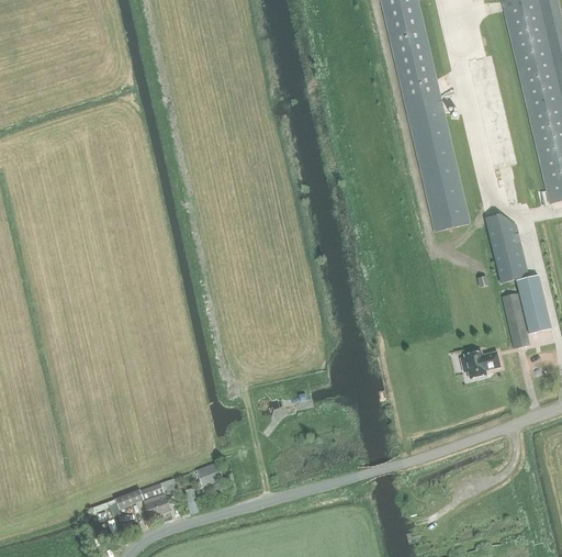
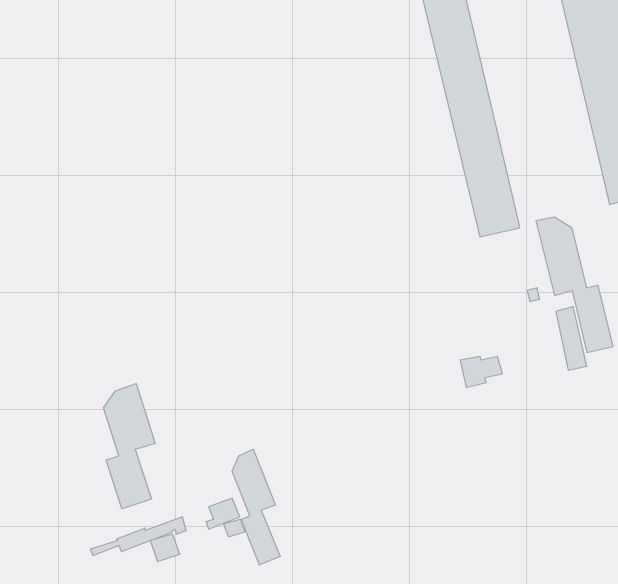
building: [463,350,501,378] -> [460,356,502,387]
building: none -> [103,384,155,509]
building: none -> [232,449,280,565]

